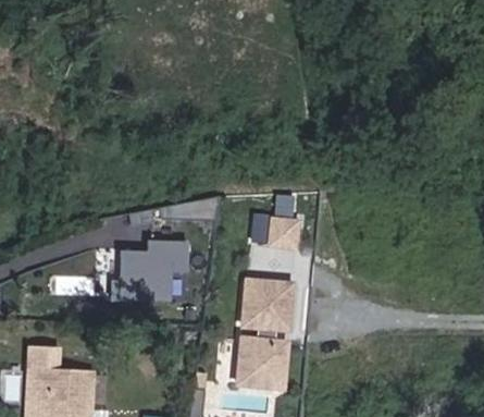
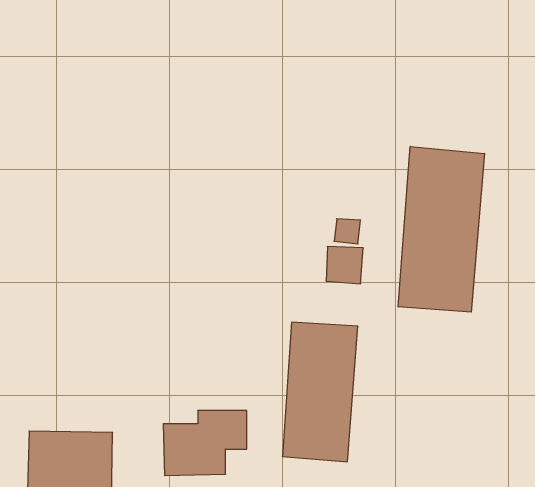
building: none -> [398,146,484,312]
building: [120,241,188,294] -> [163,411,247,476]

